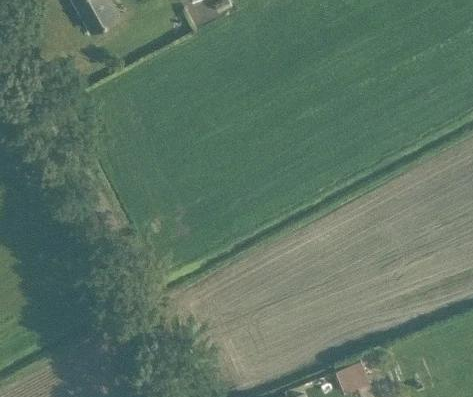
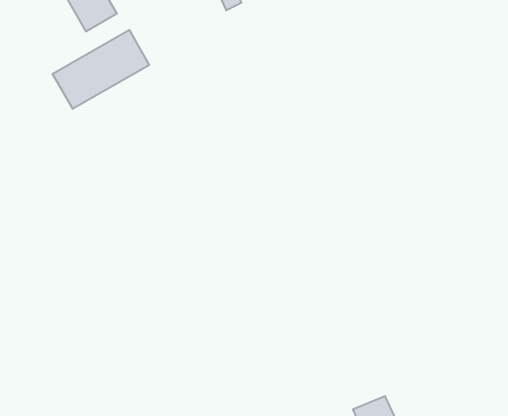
building: none -> [53,30,149,109]

